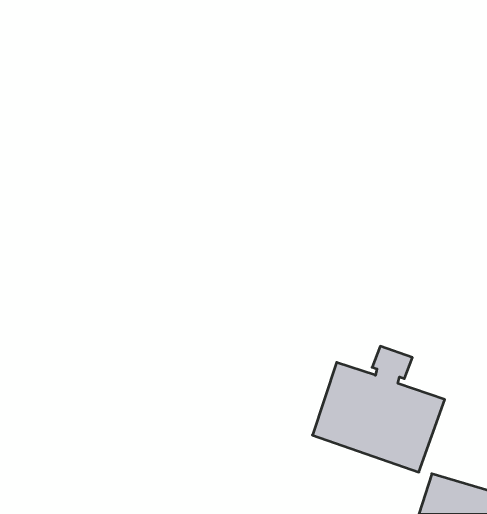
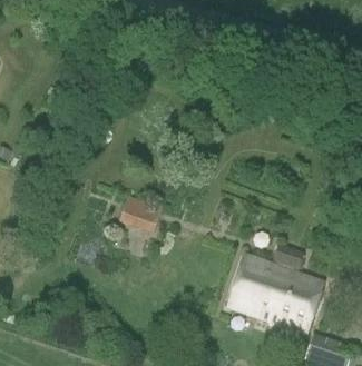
building: none -> [120,195,164,233]

